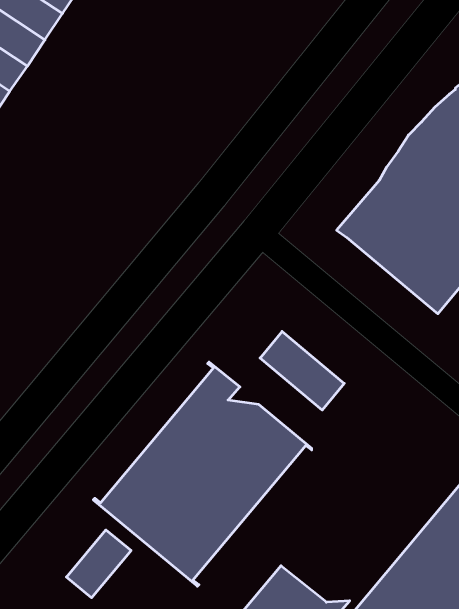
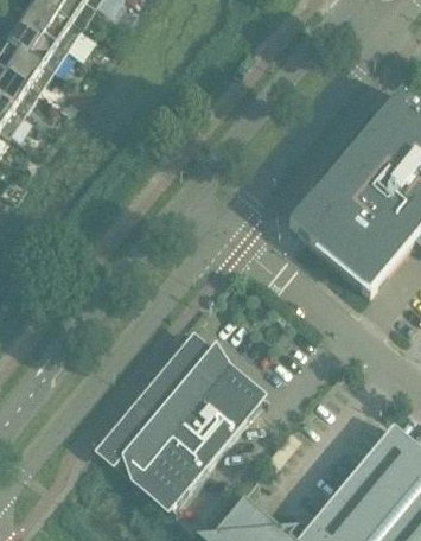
building: [260,331,344,410] -> none
building: [66,530,131,598] -> none

